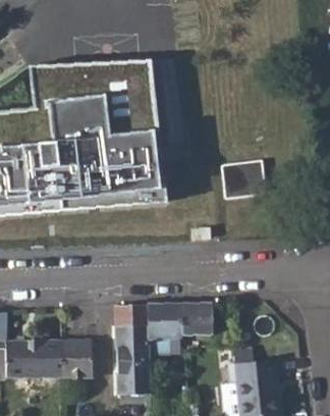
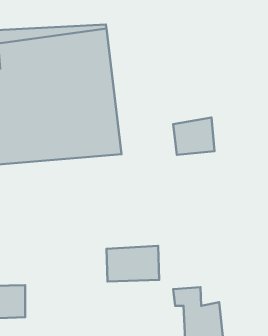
building: [118,303,152,394] -> none
building: [61,342,94,378] -> none

